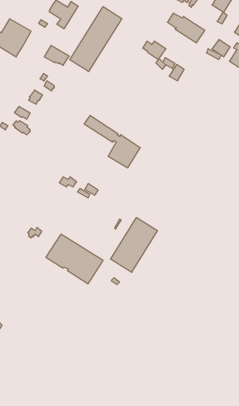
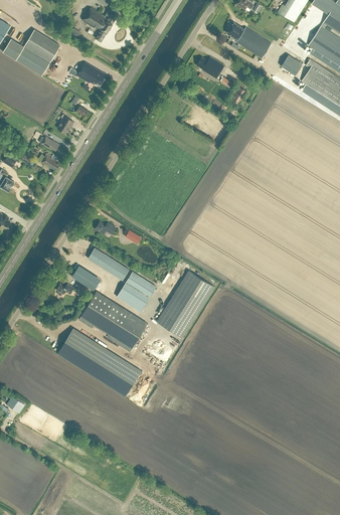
building: [70,7,122,72] -> none
building: [84,116,140,168] -> [87,247,155,311]
building: none -> [70,265,101,291]
building: none -> [56,327,141,395]

